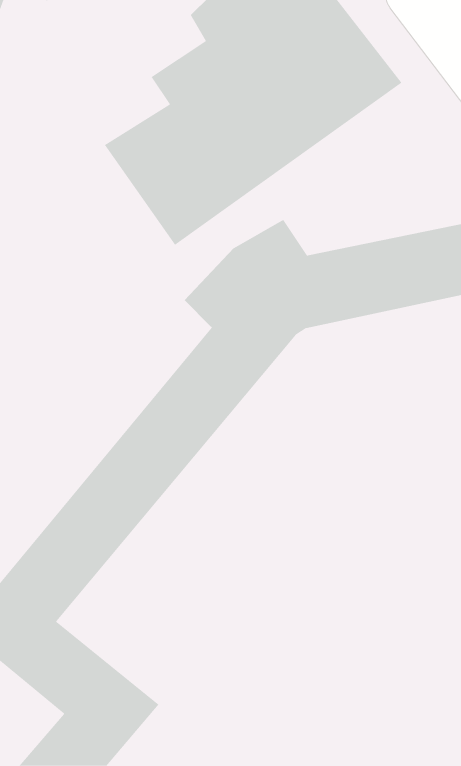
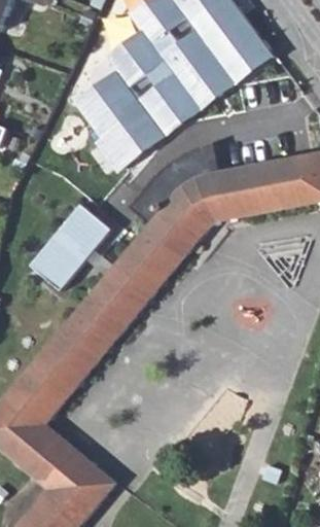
building: none -> [32,201,112,288]

